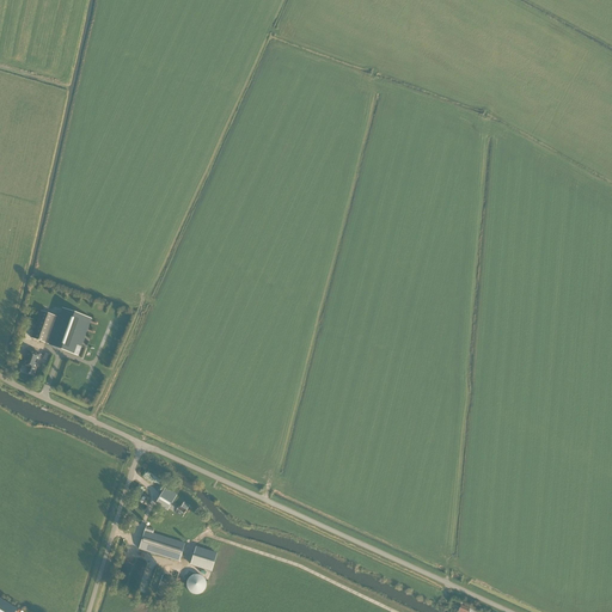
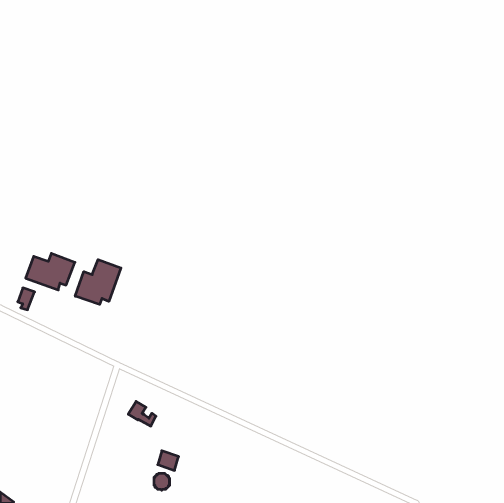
building: none -> [75,260,121,304]
building: [139,526,184,561] -> none

